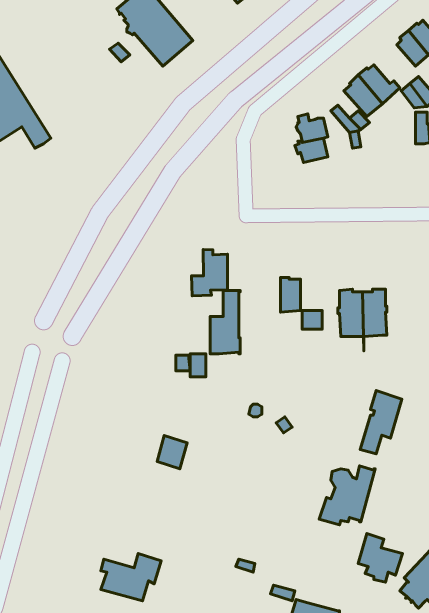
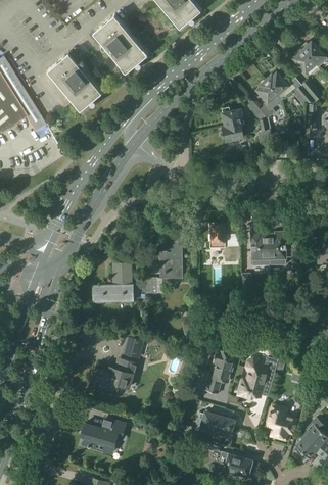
building: none -> [47,54,102,111]
building: [191,250,227,296] -> none
building: none -> [93,264,132,301]
building: [360,391,402,454] -> [205,349,235,394]
building: none -> [92,360,139,389]
building: none -> [201,413,233,436]

